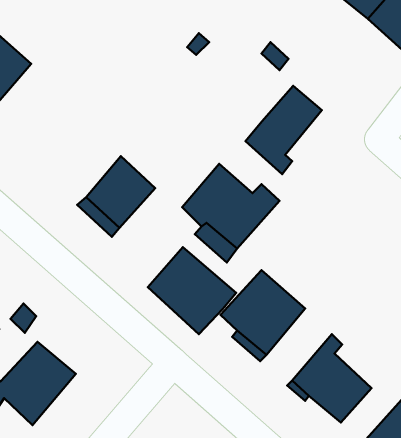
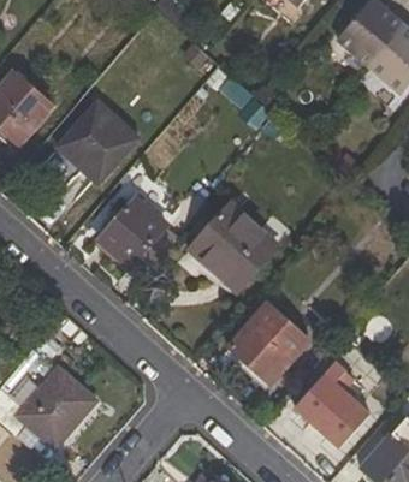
building: none -> [57,101,138,185]
building: [245,86,322,174] -> none
building: [148,247,236,334] -> none

